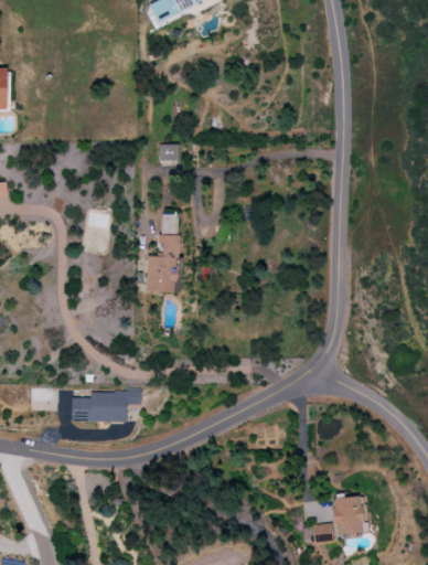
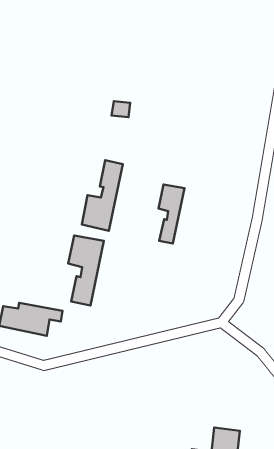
building: none -> [158,184,185,244]
building: none -> [68,236,104,305]

